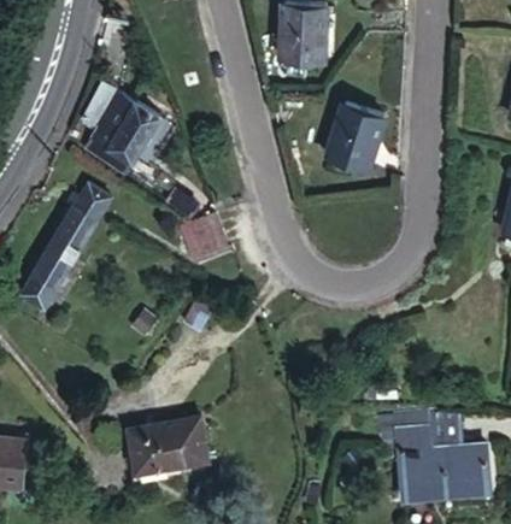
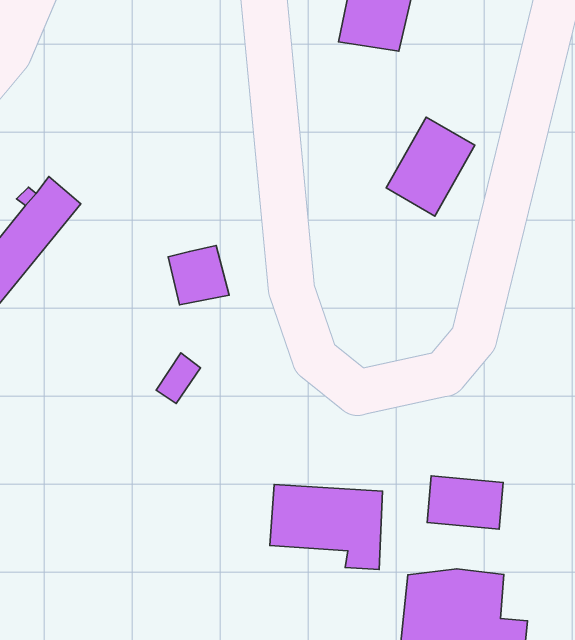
building: [86,96,161,165] -> none
building: none -> [427,476,503,529]
building: [146,414,229,472] -> [270,485,383,569]

